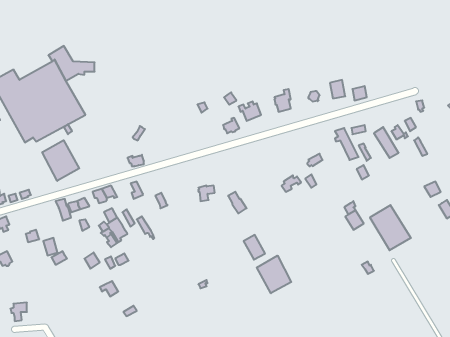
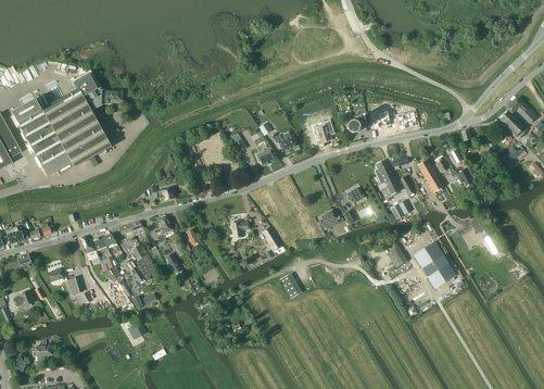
building: [42,140,79,181] -> none
building: [257,256,291,293] -> none

